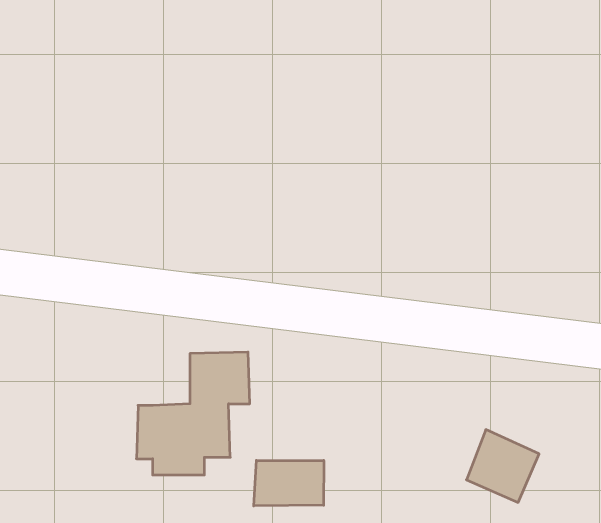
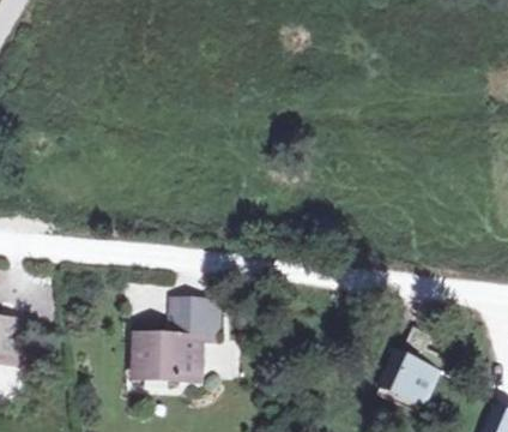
building: [254,460,324,506] -> none

